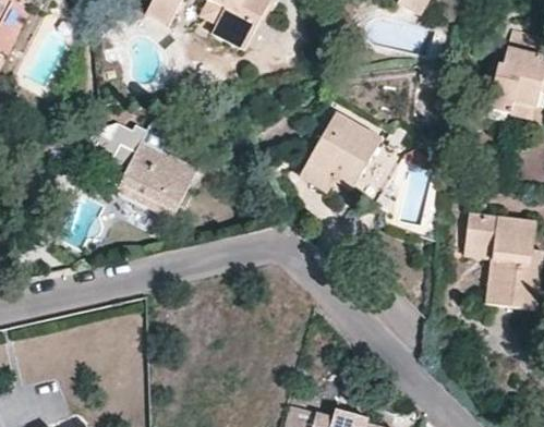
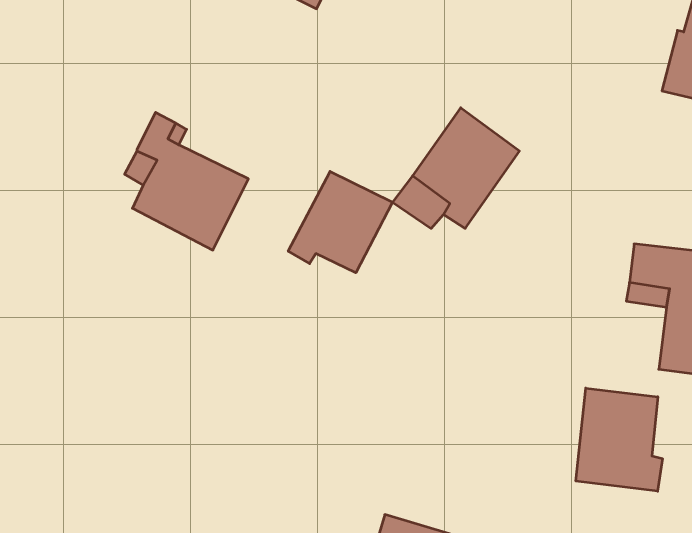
building: none -> [288,171,392,273]
building: none -> [576,388,662,491]

